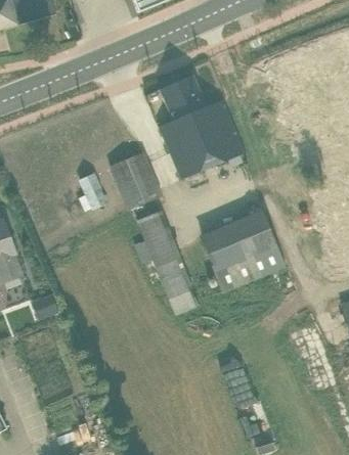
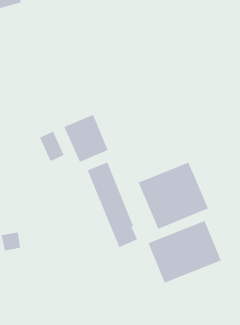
building: [158,75,245,180] -> none
building: none -> [148,220,222,284]

